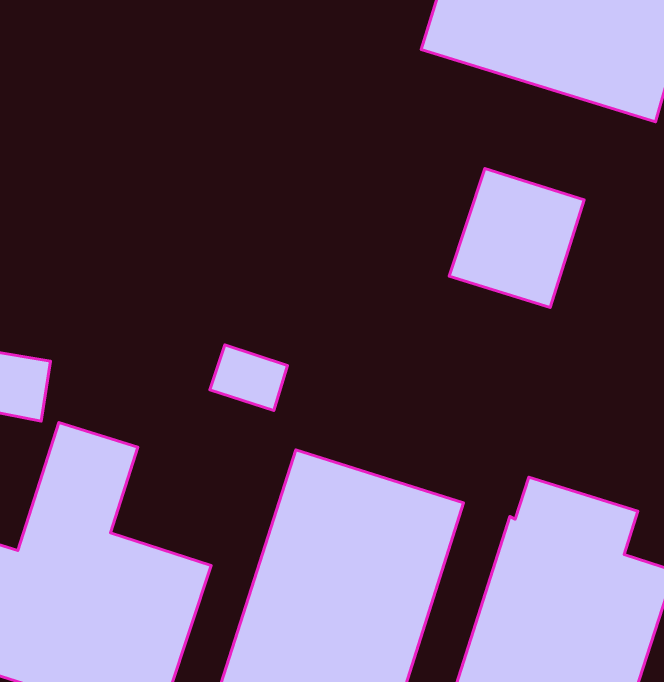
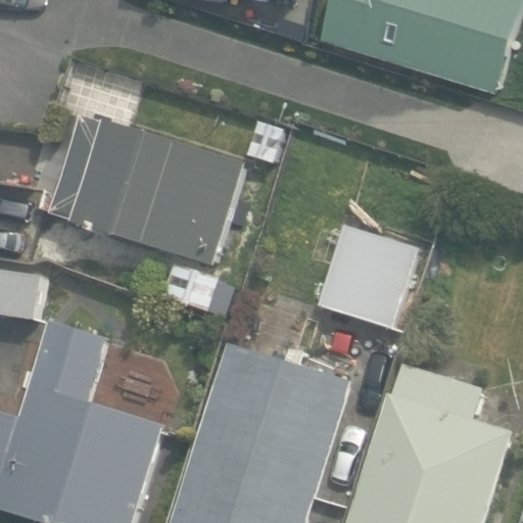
building: none -> [47,113,247,265]
building: [449,169,584,307] -> [317,223,418,327]

